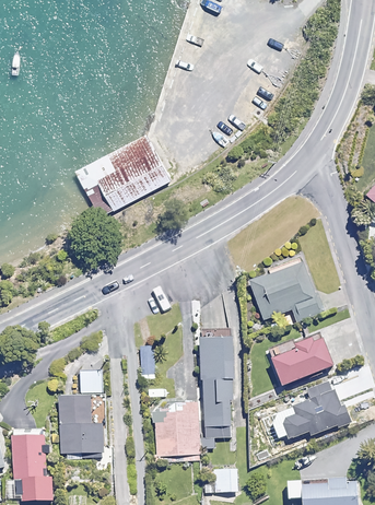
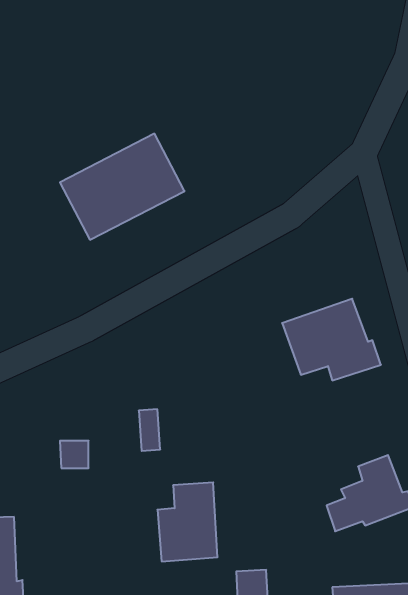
building: [271,333,331,385] -> none
building: [199,337,233,446] -> none
building: [59,395,102,458] -> none

